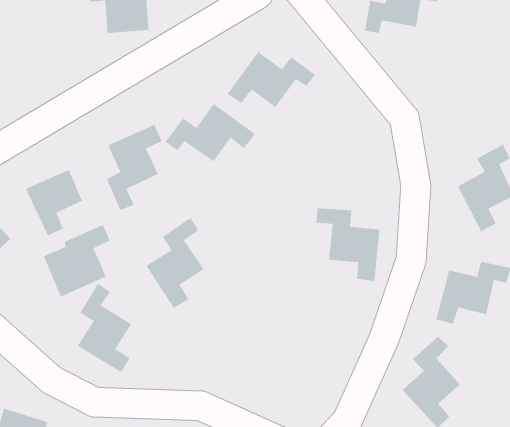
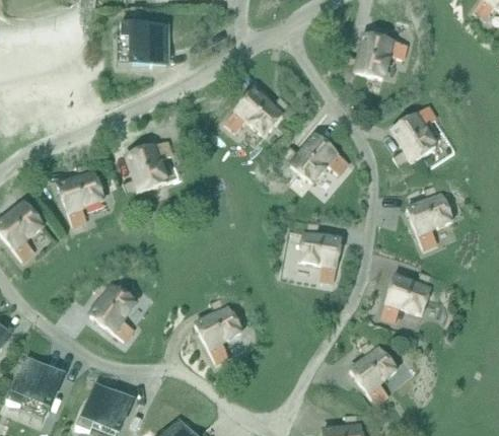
building: none -> [391,105,436,176]
building: [165,103,256,162] -> [274,134,348,181]
building: [145,217,205,309] -> [195,287,242,360]
building: [43,224,110,297] -> none

